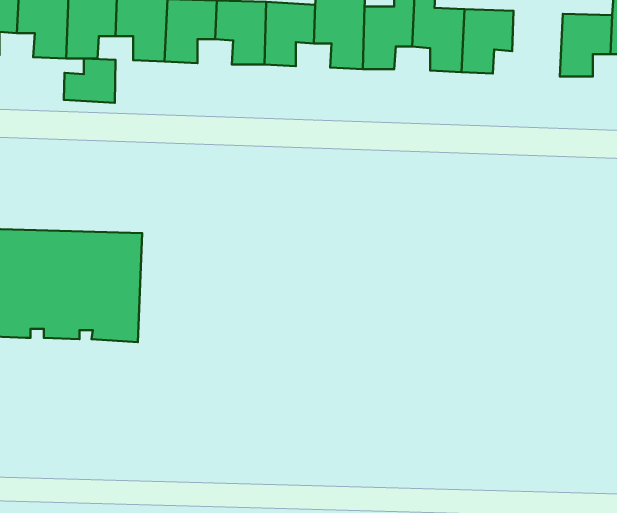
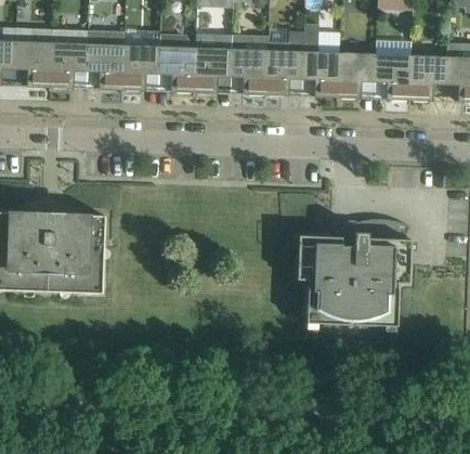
building: none -> [373,52,409,100]
building: [64,59,115,103] -> none
building: none -> [296,218,409,324]

